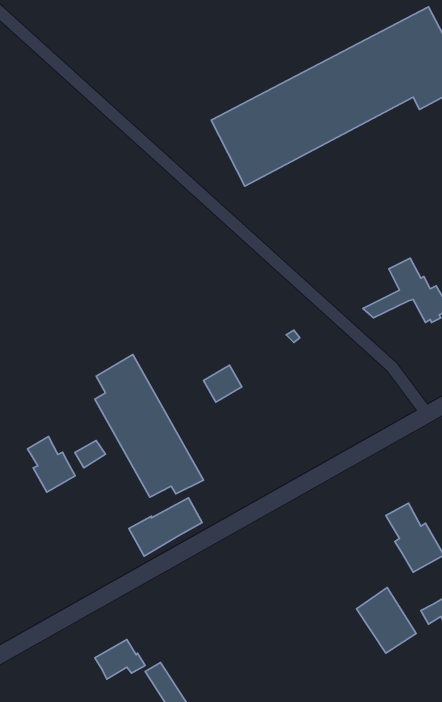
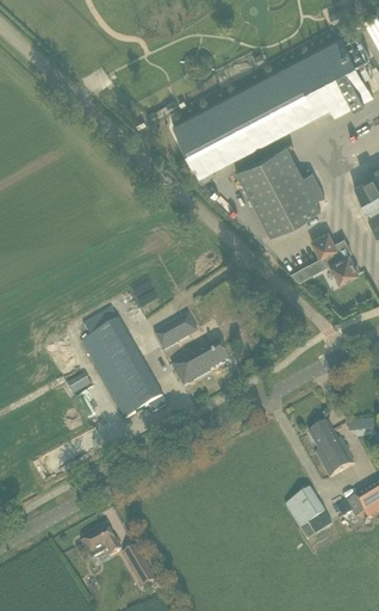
building: none -> [236,143,324,235]
building: [28,437,75,492] -> none
building: [129,498,202,556] -> [172,340,229,385]

